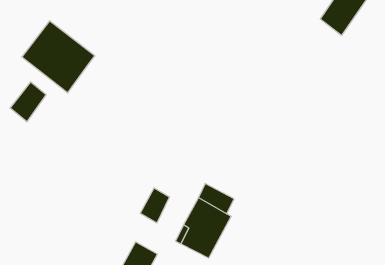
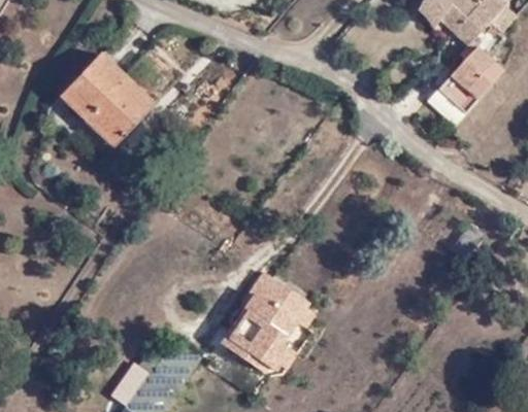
building: [10,82,46,122] -> none
building: [140,188,170,223] -> none

